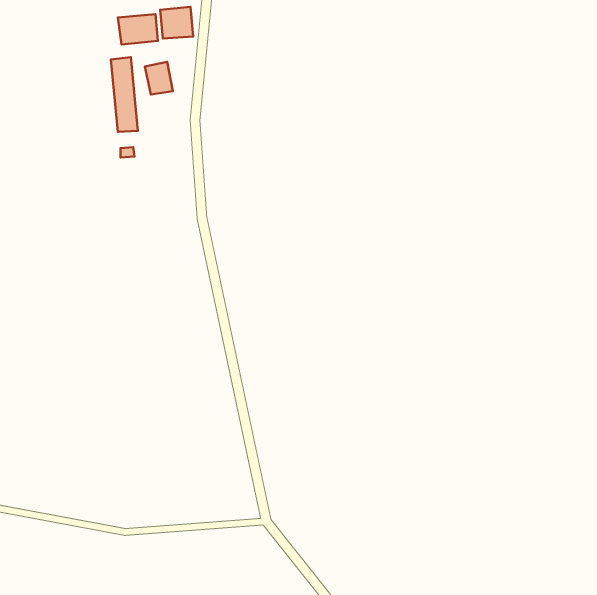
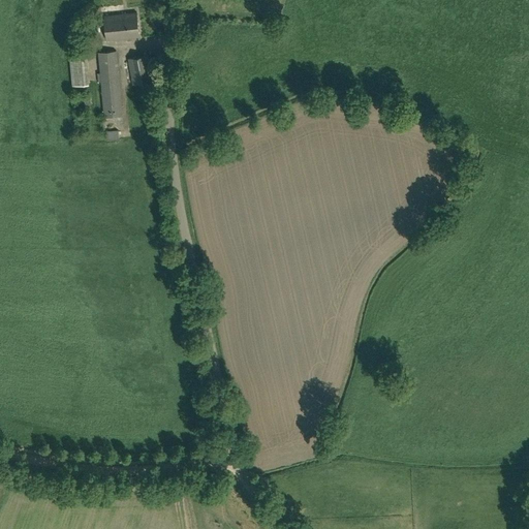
building: [160,7,193,38] -> none
building: none -> [69,55,89,87]

